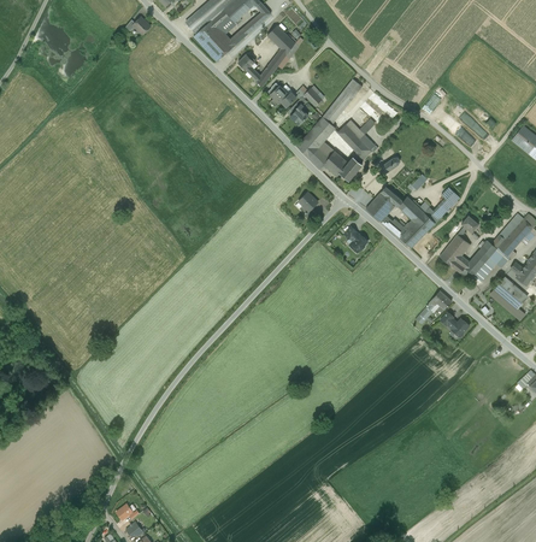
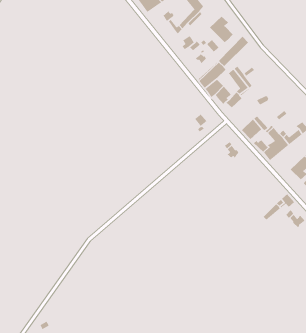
building: none -> [209,16,234,43]

